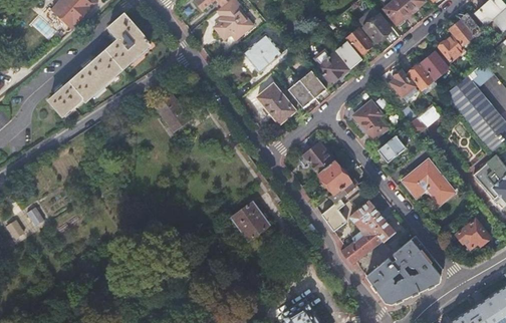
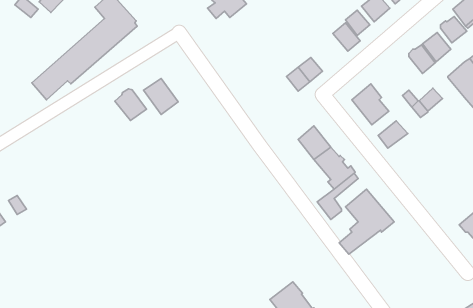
building: [243,34,295,72] -> none
building: [315,52,347,84] -> none
building: [391,70,417,101] -> none
building: [257,84,295,124] -> none
building: none -> [115,89,147,121]
building: [404,160,456,206] -> none
building: [232,203,270,242] -> none
building: [366,237,442,304] -> none

